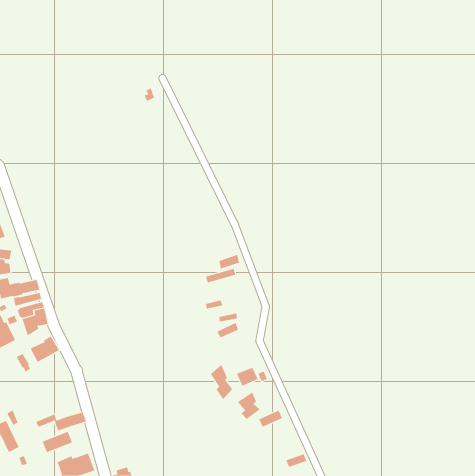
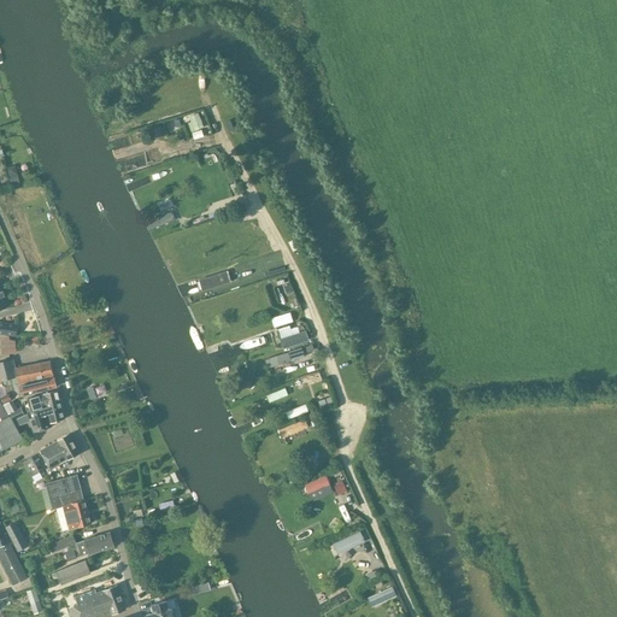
building: [210,364,233,400] -> none
building: none -> [43,475,89,530]
building: [237,391,261,420] -> none

